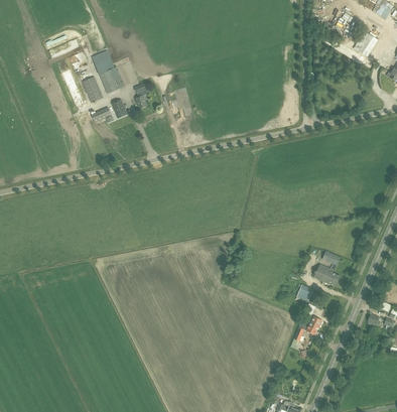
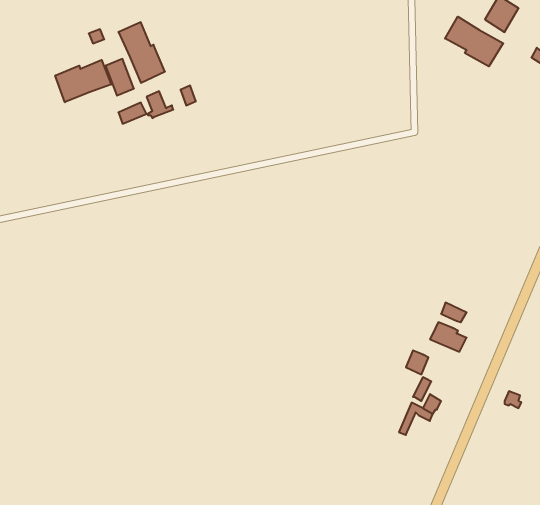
building: none -> [445,17,503,66]
building: none -> [55,60,111,102]

